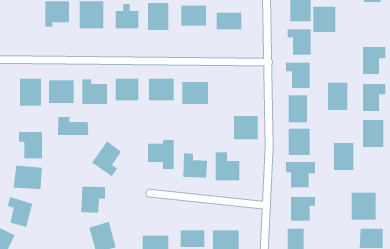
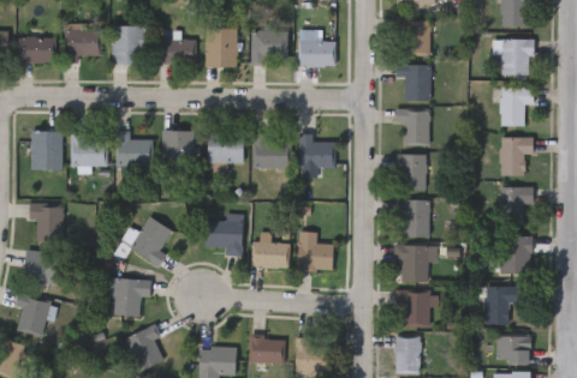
building: [312,6,336,33] -> [500,40,533,76]
building: none -> [18,36,54,61]
building: [328,82,348,111] -> none
building: [233,115,259,140] -> [299,133,334,167]
building: [58,116,89,136] -> none
building: [333,142,354,170] -> [502,236,531,275]

